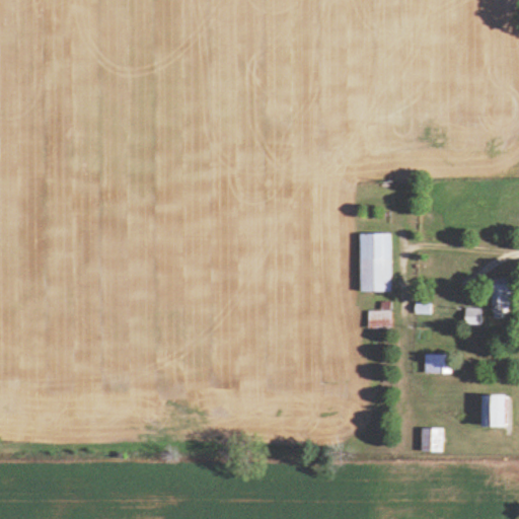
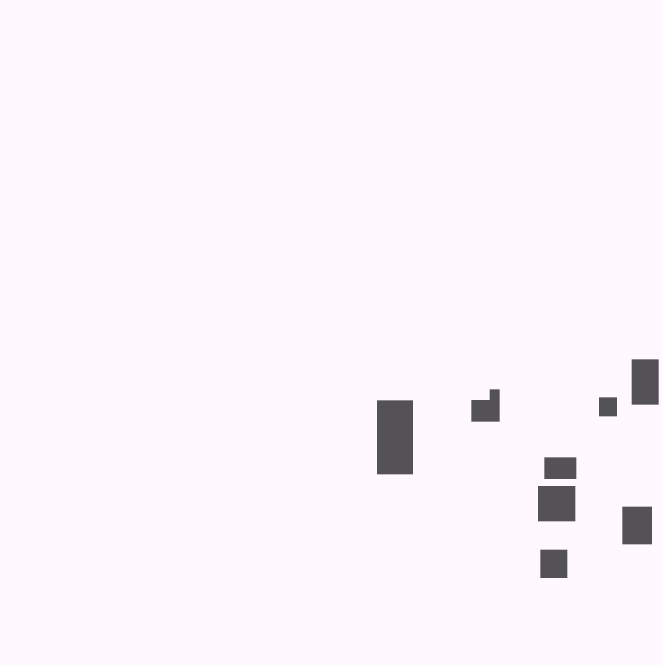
building: [360,233,389,292] -> [376,400,414,475]
building: none -> [537,485,576,522]

